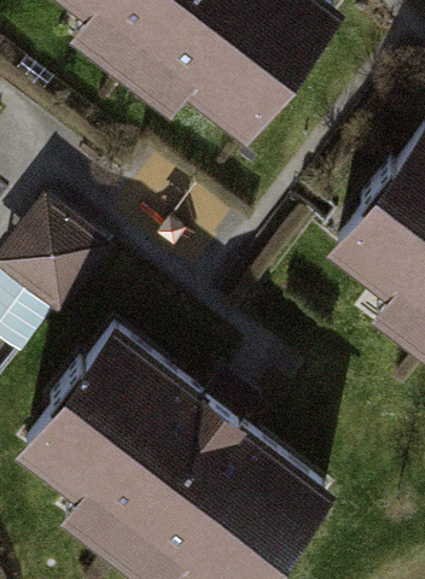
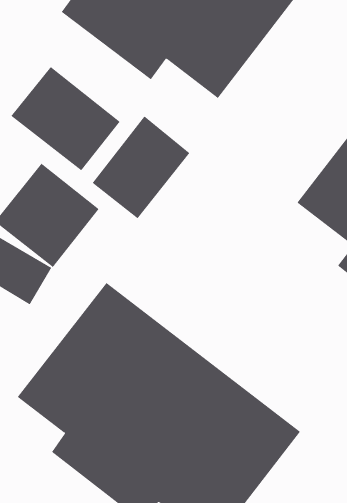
building: none -> [10,66,120,171]
building: none -> [92,116,190,219]

